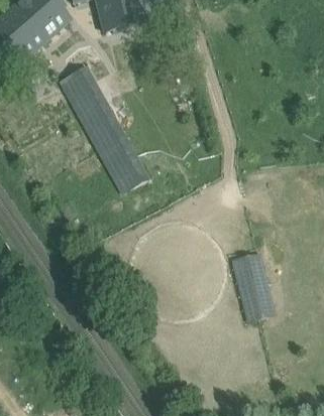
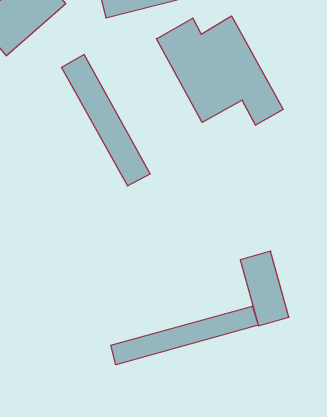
building: none -> [156,16,283,125]
building: none -> [111,306,258,365]

